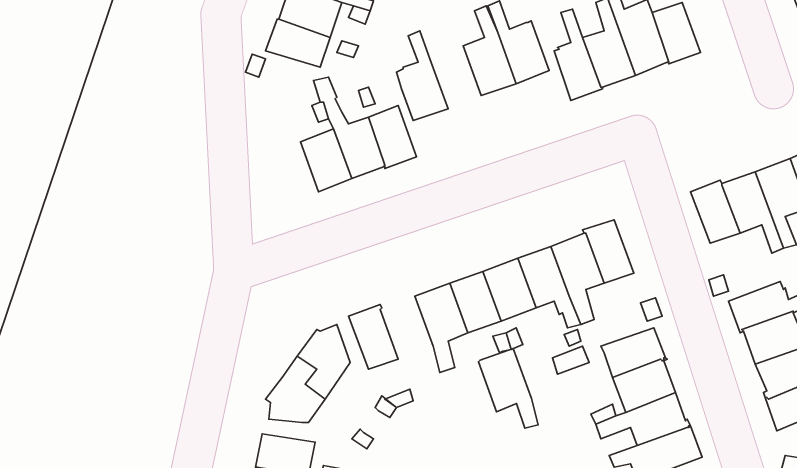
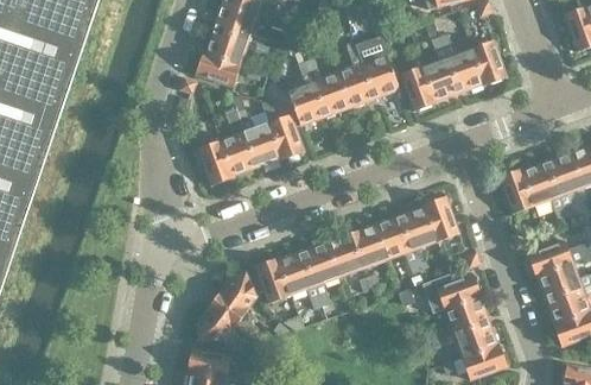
building: none -> [306,57,350,115]
building: none -> [198,139,234,183]
building: [478,349,538,428] -> [278,250,320,307]

